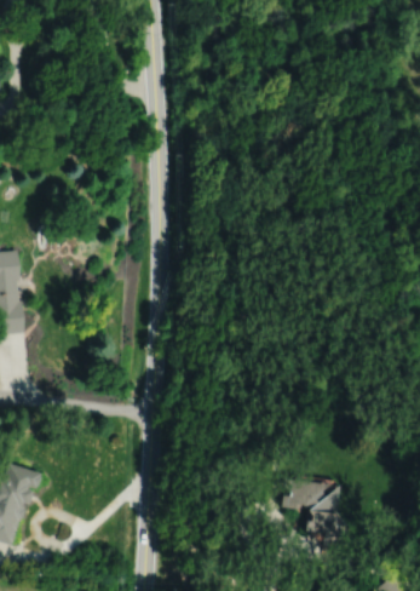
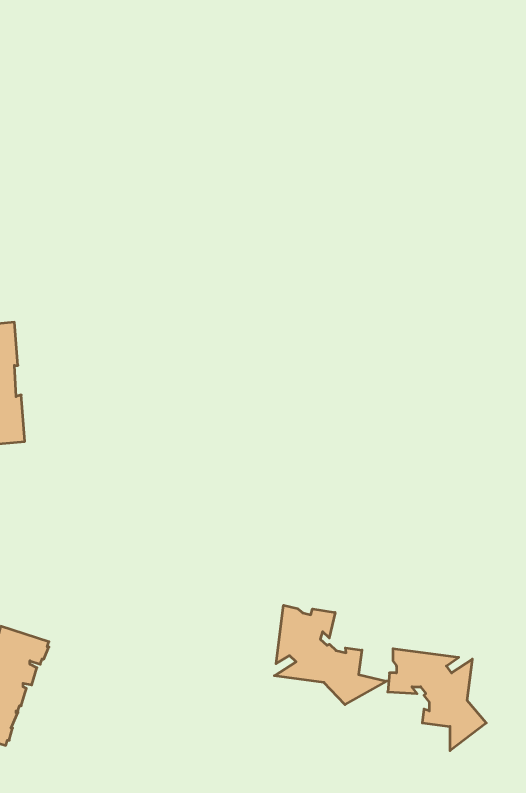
building: none -> [274,605,387,705]

